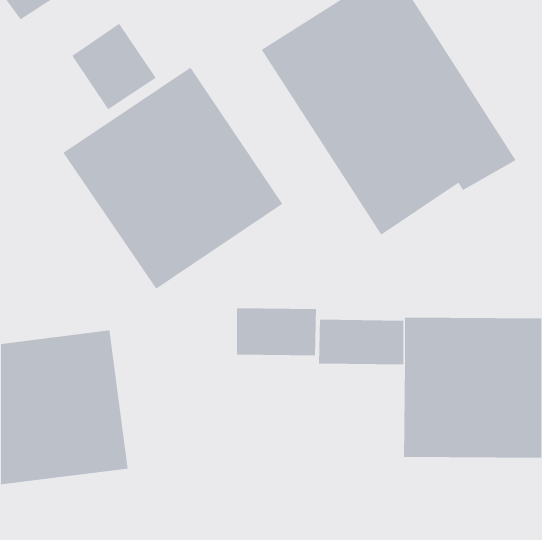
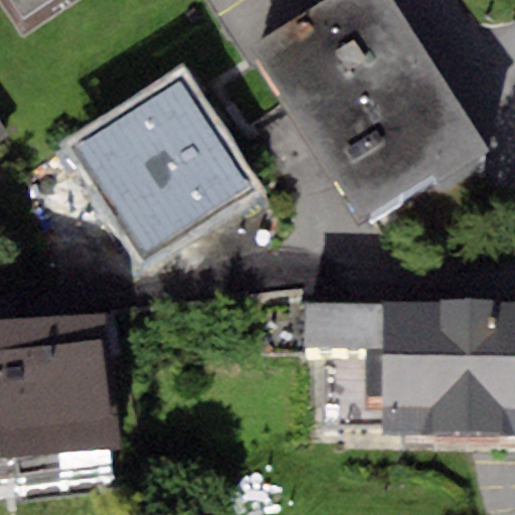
building: [72,23,157,110] -> none
building: [237,308,317,356] -> none

